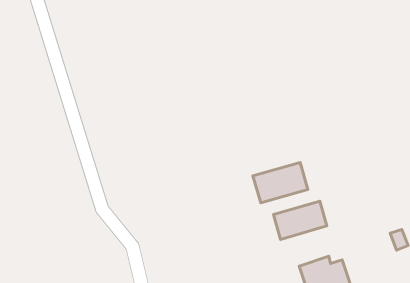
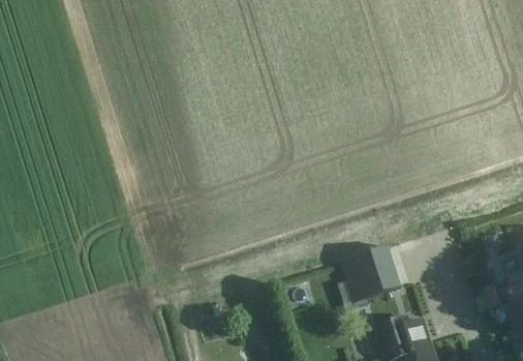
building: [253,162,308,203] -> none

